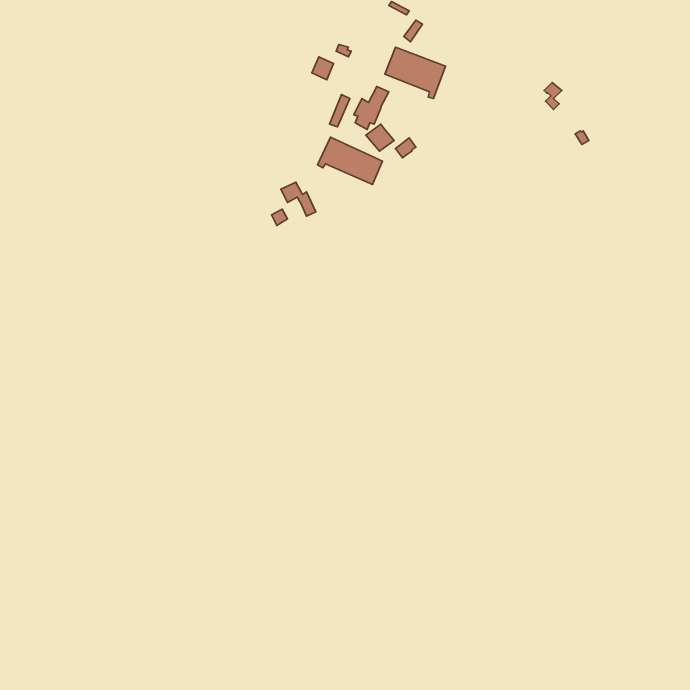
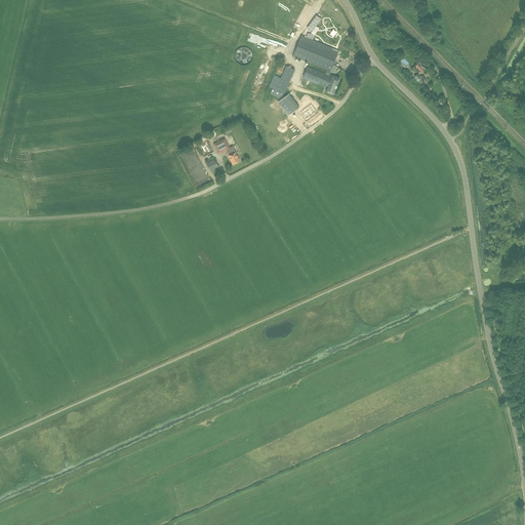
building: none -> [302,67,339,94]
building: [318,137,383,185] -> none

